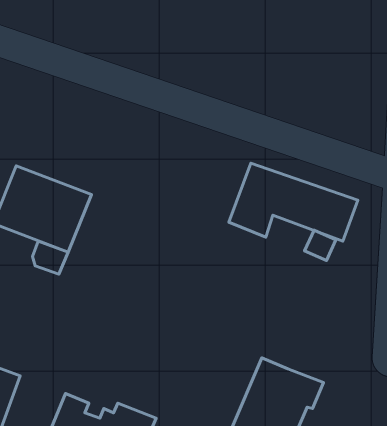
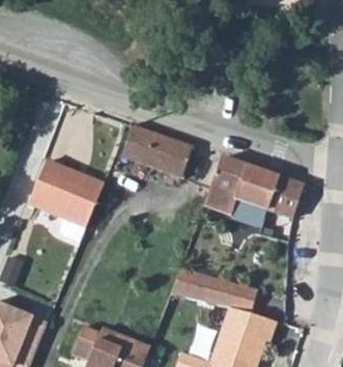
building: none -> [115,125,195,179]
building: none -> [174,270,261,314]

